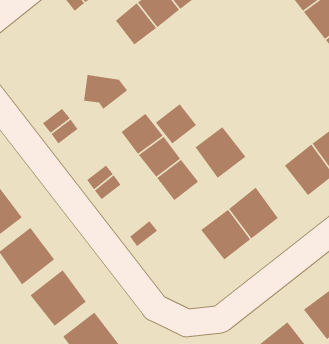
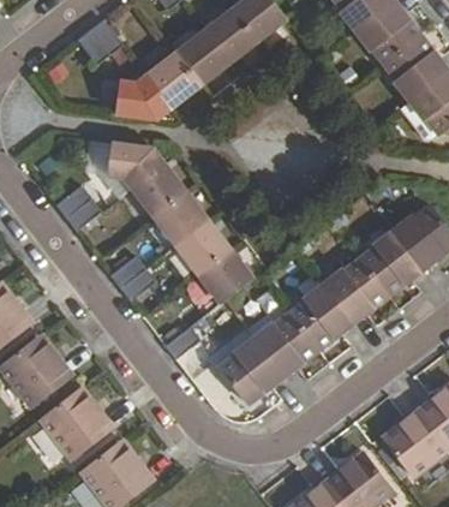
building: none -> [115,76,170,118]
building: [155,103,197,145] -> [132,163,185,215]
building: [195,126,246,179] -> [323,257,388,323]
building: none -> [217,338,283,404]

